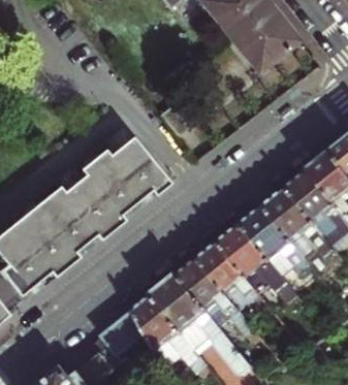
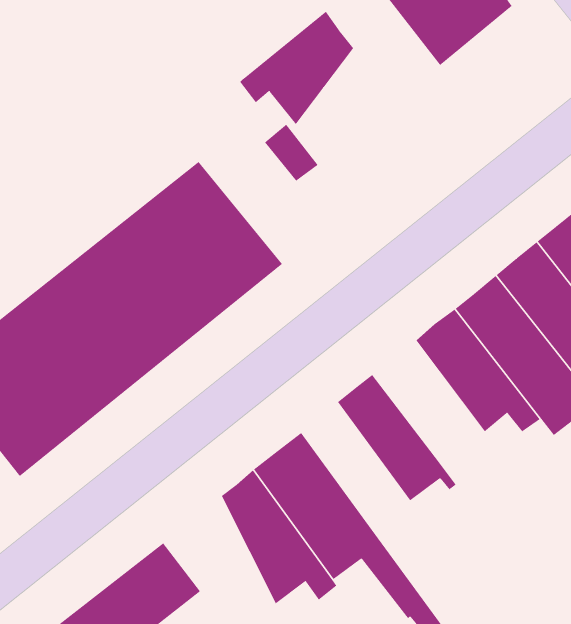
building: none -> [239,11,354,125]
building: [219,221,296,298] -> none
building: [180,255,255,338] -> none
building: [103,307,151,359] -> none

